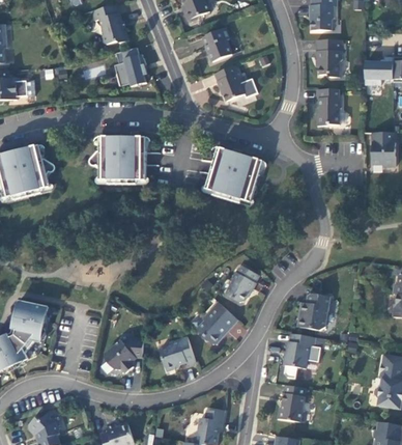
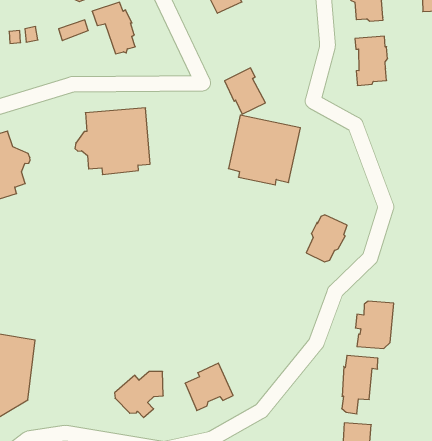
building: [212,68,242,104] -> [225,68,265,114]
building: [229,263,262,300] -> [306,215,347,262]
building: [202,299,241,341] -> none

